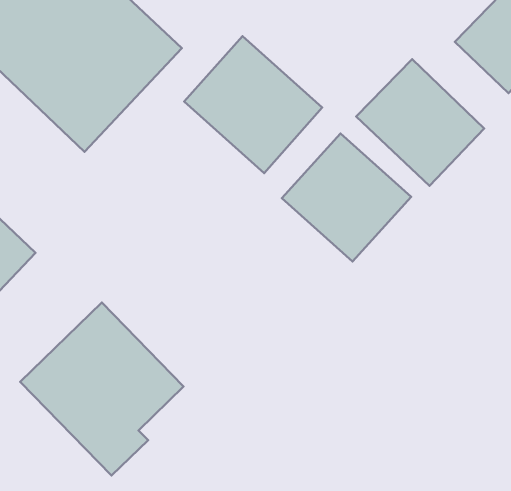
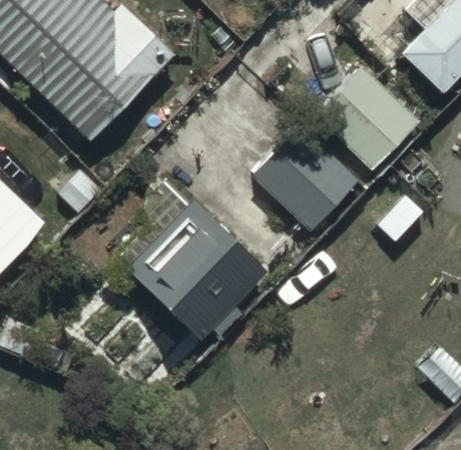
building: [184,36,322,173] -> none
building: [20,303,183,476] -> [123,199,258,342]

